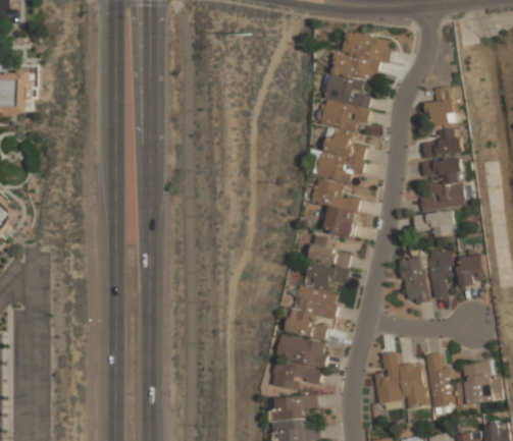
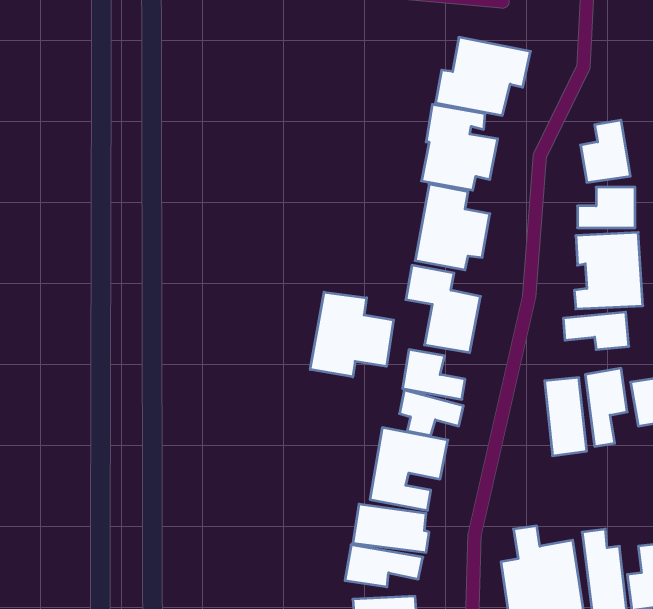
building: none -> [310,292,394,377]

